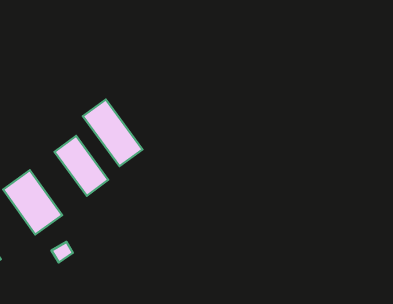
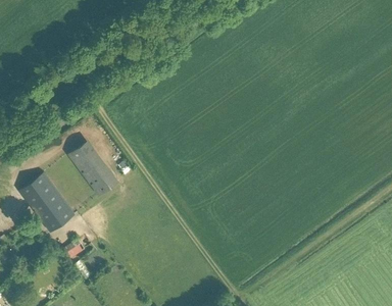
building: [83,99,143,166] -> none

